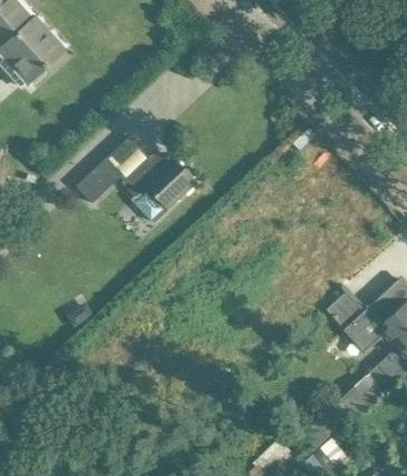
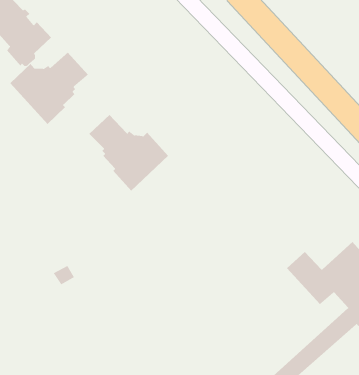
building: none -> [9,52,89,125]
building: [73,158,120,203] -> none

